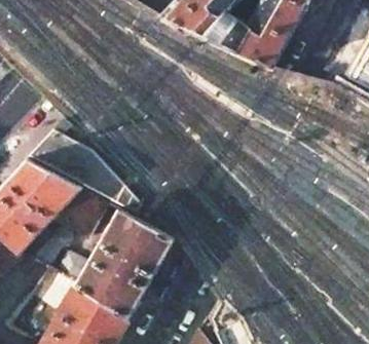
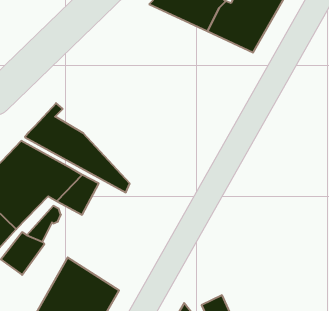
building: [56,211,173,319] -> none

